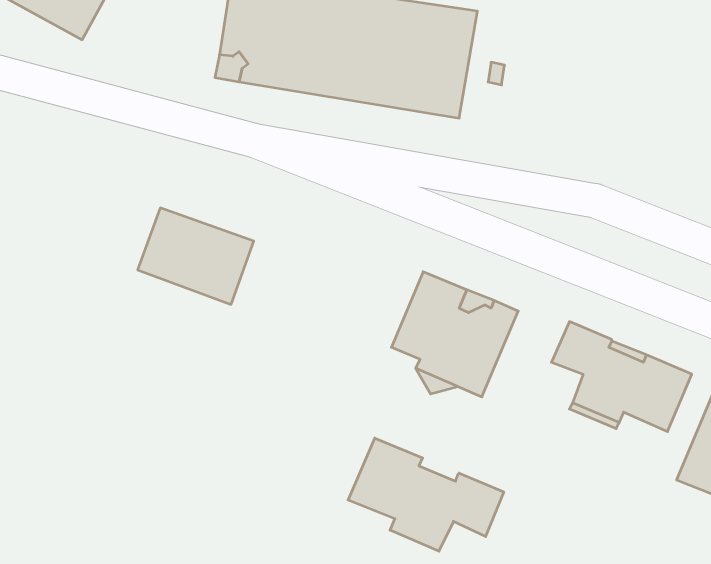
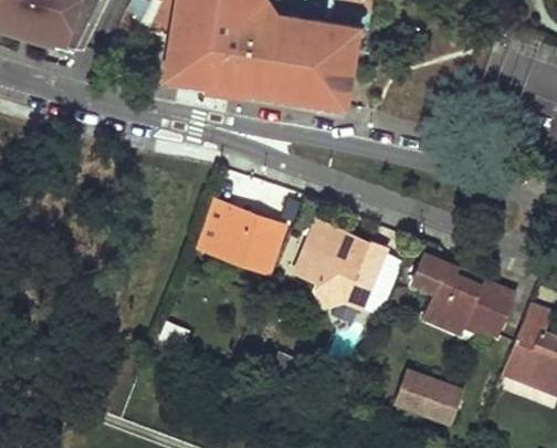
building: [138,208,254,304] -> [199,202,284,273]
building: [348,438,504,551] -> none
building: none -> [397,372,461,424]

